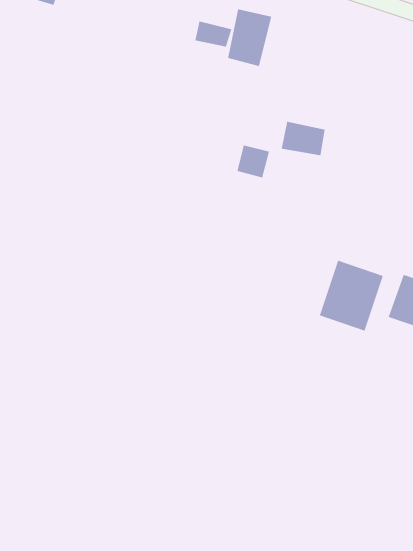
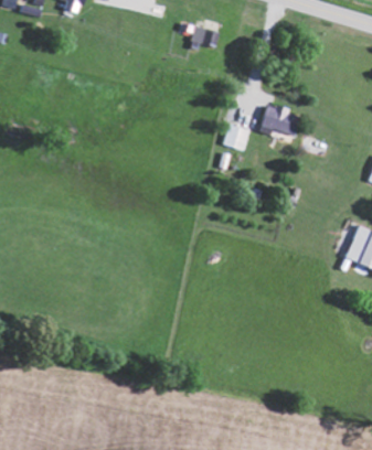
building: [227,9,272,67] -> none
building: [319,260,383,331] -> none

